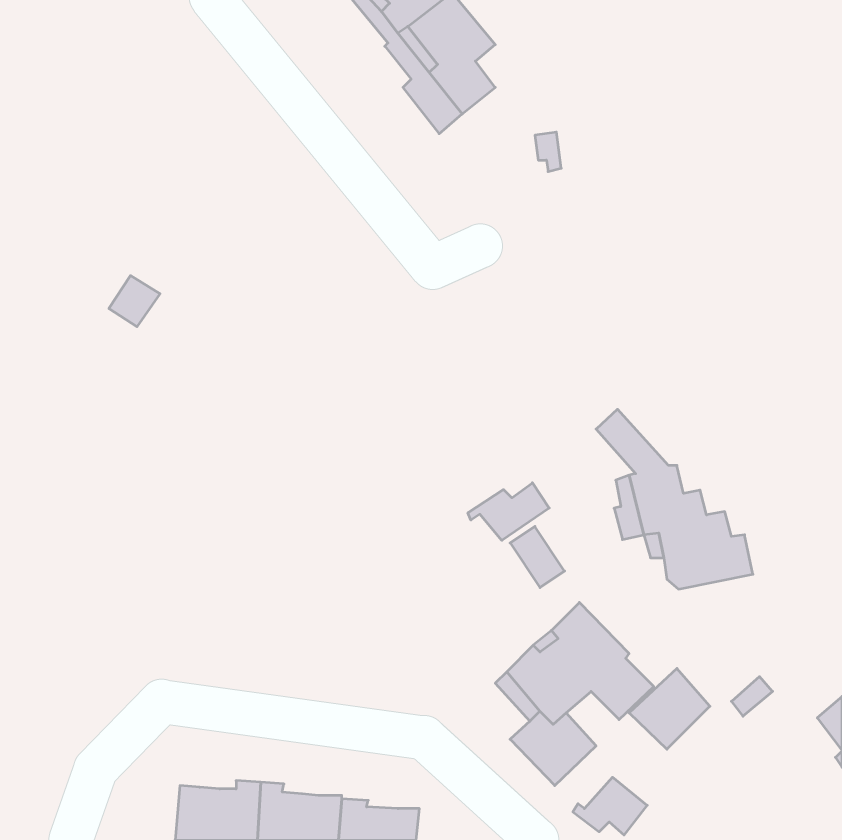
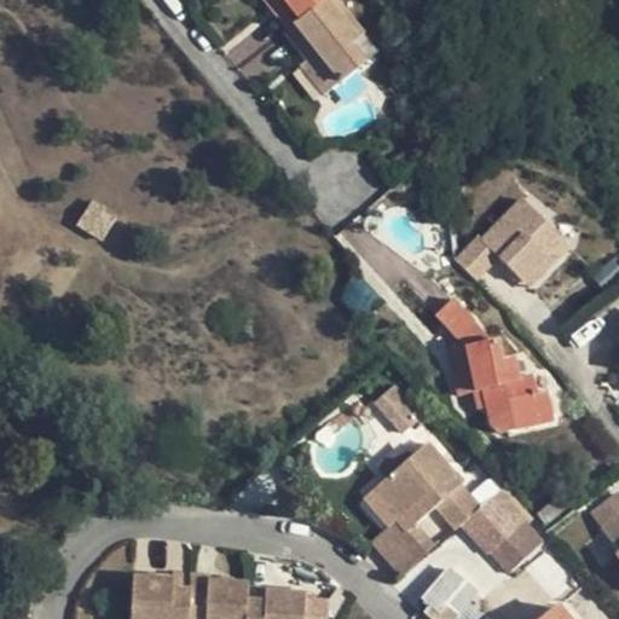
building: none -> [451,197,573,291]
building: [468,483,549,540] -> none
building: none -> [488,517,550,579]

